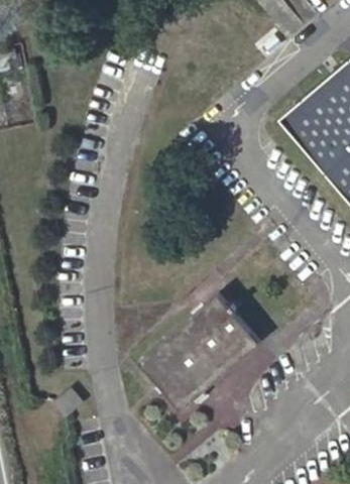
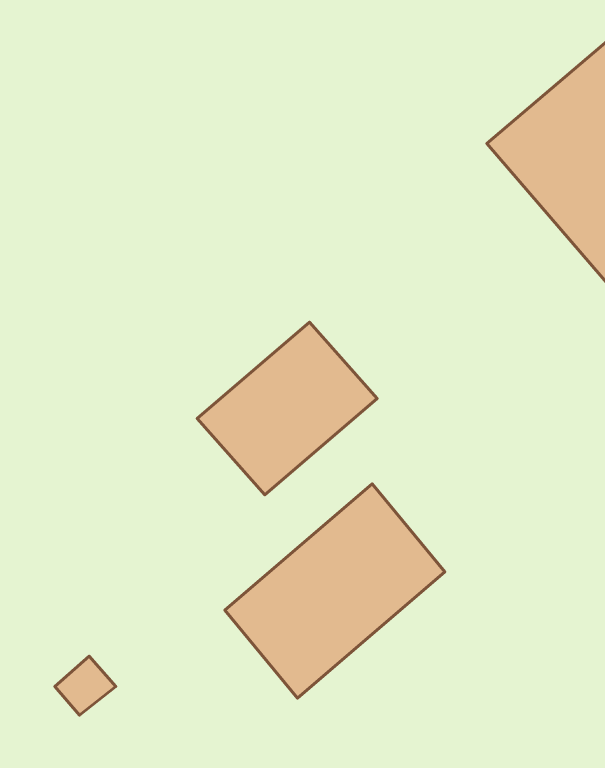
building: none -> [197,322,377,495]

